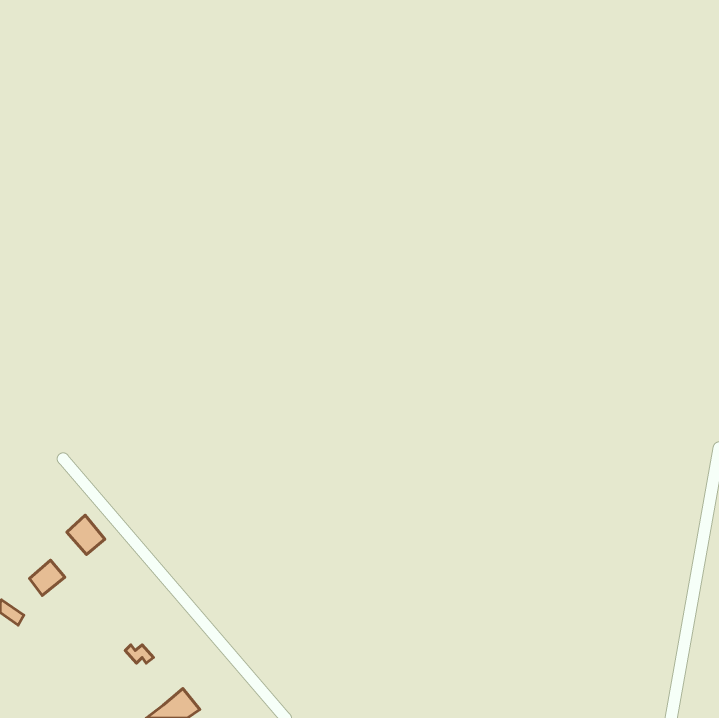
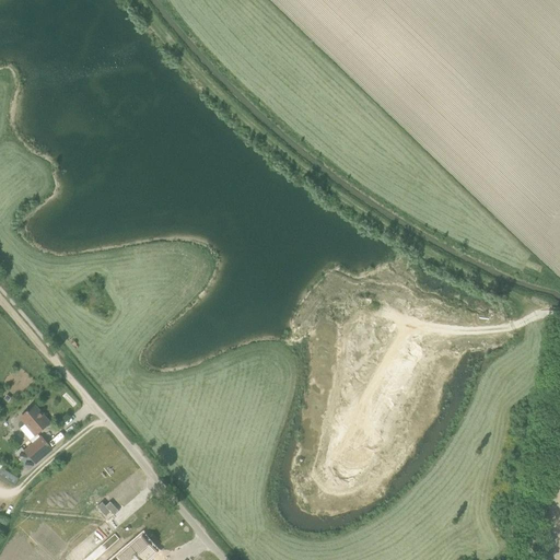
building: [67,515,105,555] -> [18,404,47,434]

